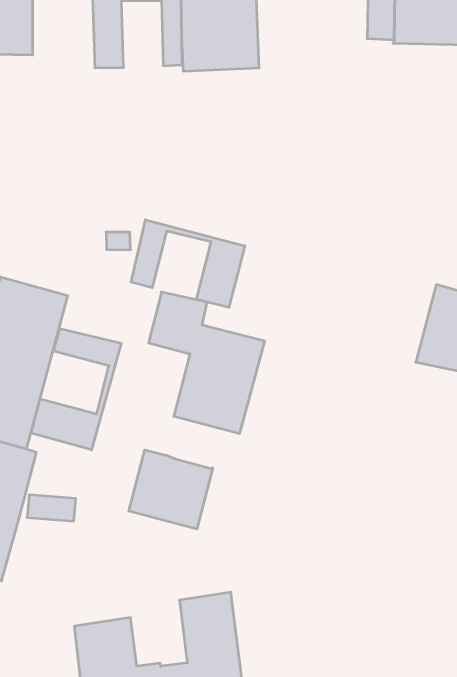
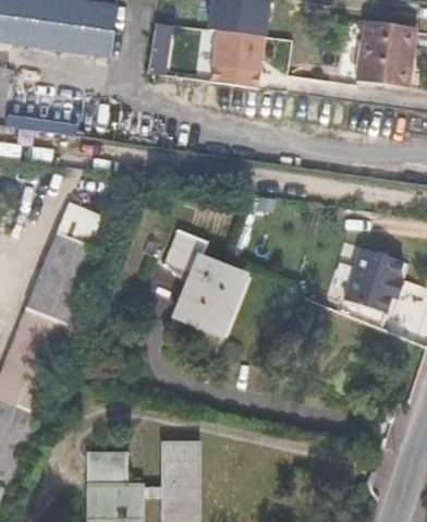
building: [131,220,245,307] -> none
building: [31,328,121,450] -> none
building: [129,450,213,529] -> none

